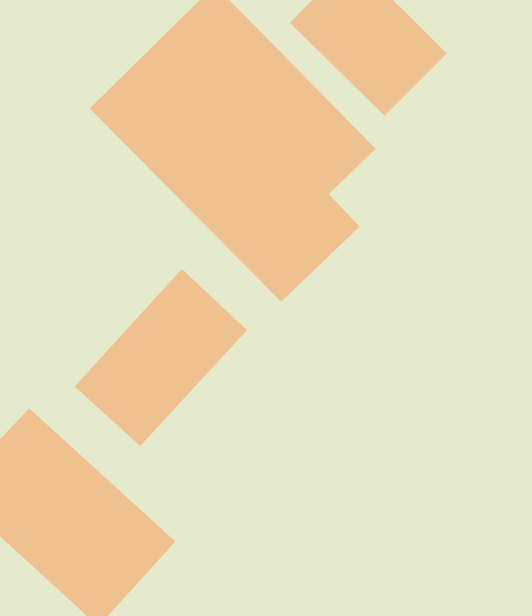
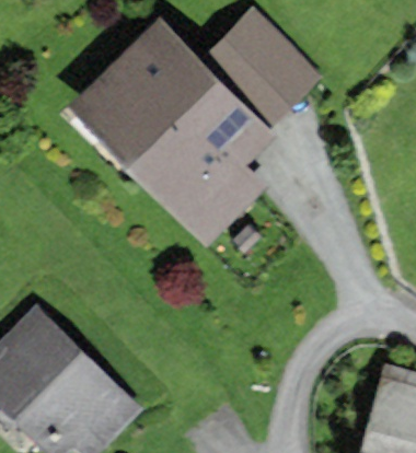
building: [74,268,248,447] -> none

